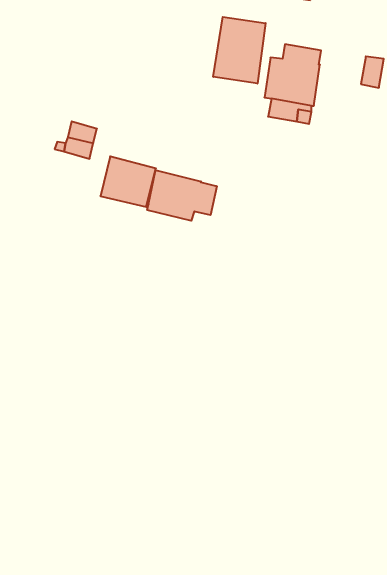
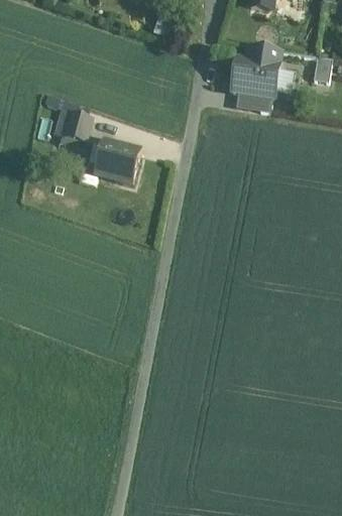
building: [213,17,266,84] -> none
building: [147,170,217,221] -> none

